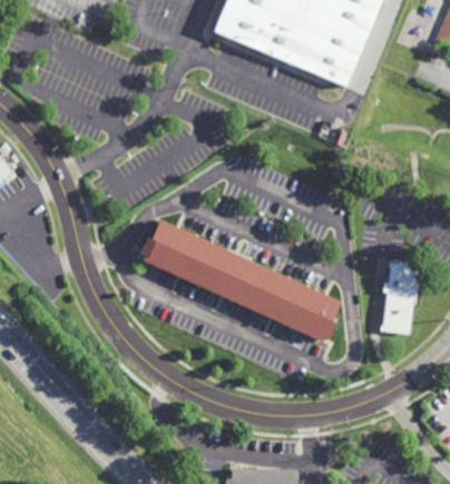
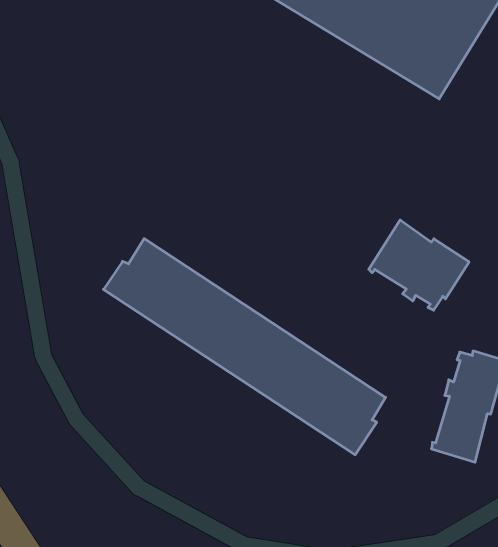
building: none -> [369,220,469,310]

